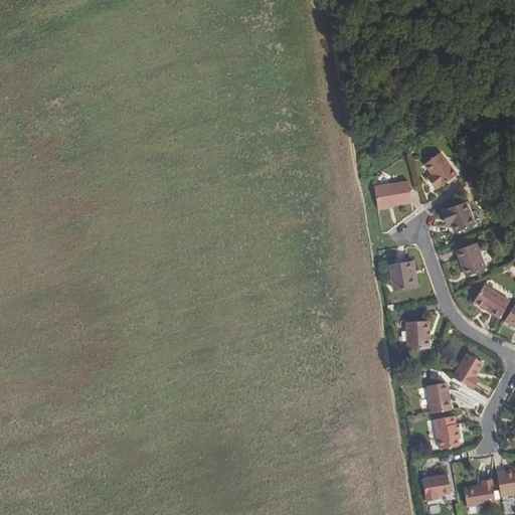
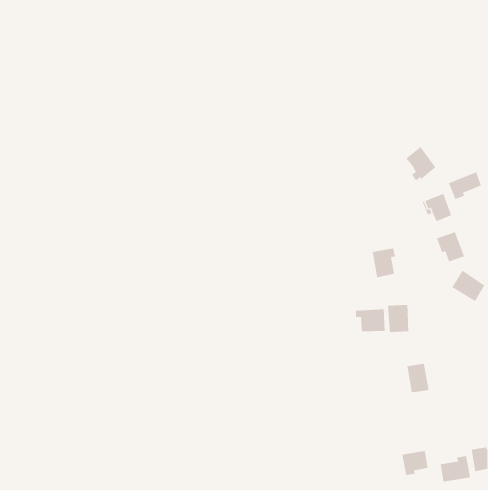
building: none -> [448,172,482,200]
building: [376,182,413,209] -> none
building: none -> [356,309,385,332]
building: [450,352,480,387] -> none
building: [434,414,460,447] -> none

